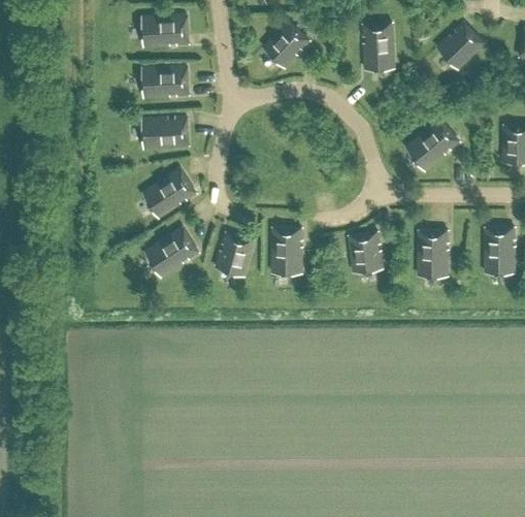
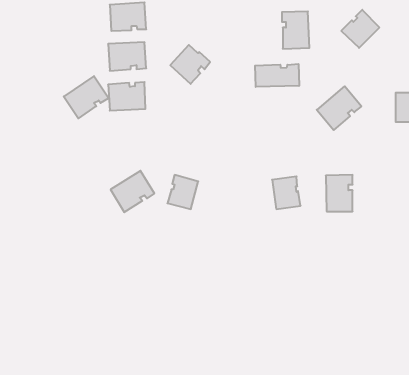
building: [259,20,309,69] -> [170,45,210,84]
building: none -> [255,64,299,87]
building: [142,167,199,221] -> [64,76,108,118]
building: [270,229,304,276] -> none
building: [484,229,517,274] -> none

